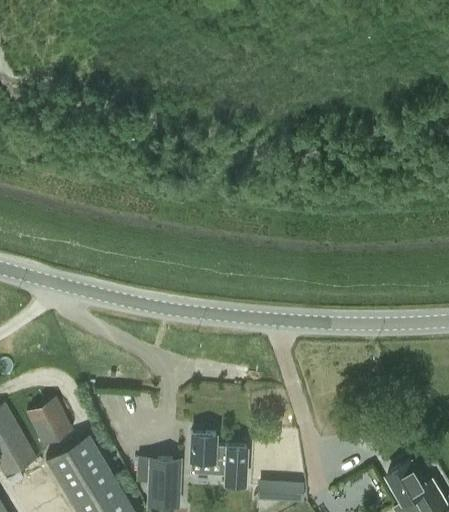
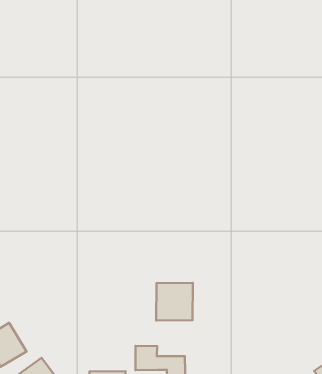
building: none -> [156,283,193,320]

